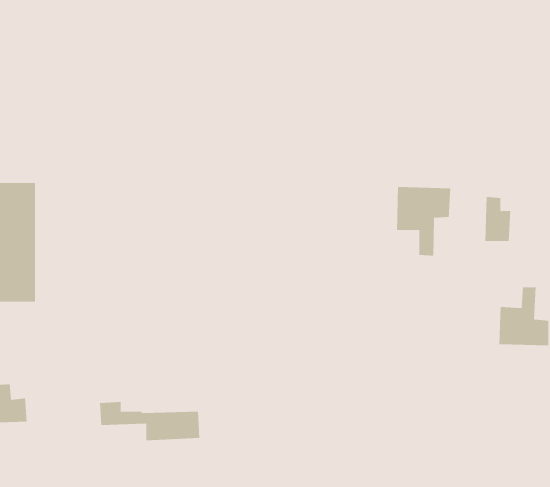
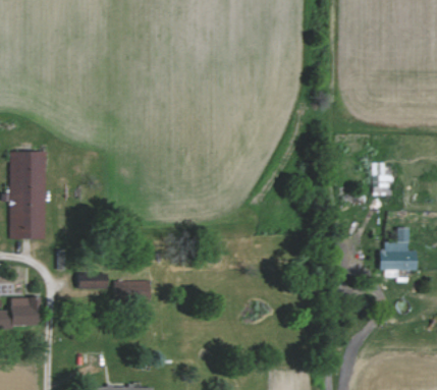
building: [396,186,451,256] -> none
building: [99,401,200,441] -> [77,273,151,301]

